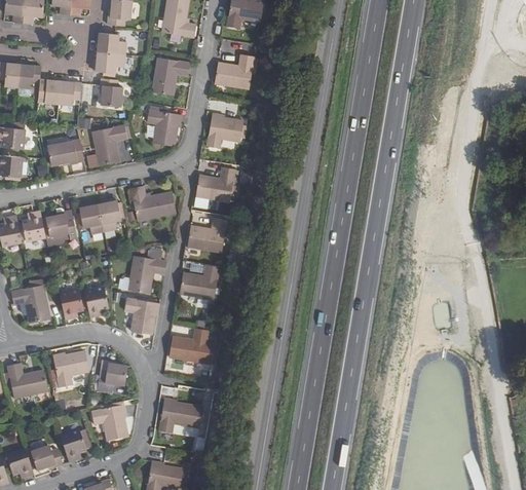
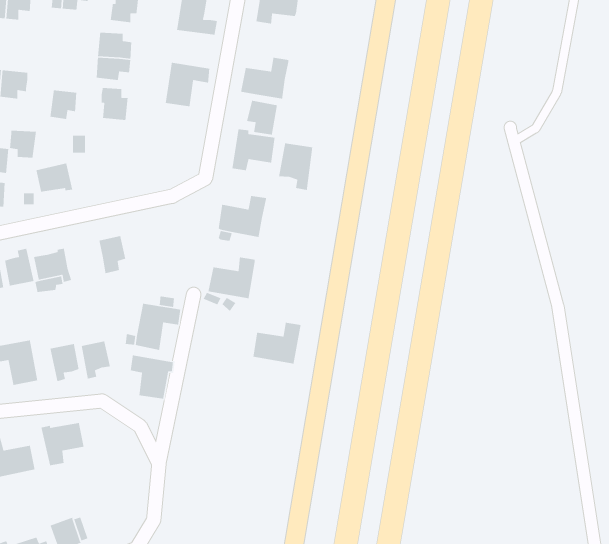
building: [39,79,62,103] -> [9,130,37,159]
building: none -> [246,100,278,136]
building: [147,109,182,145] -> none
building: none -> [278,143,313,191]
building: [92,124,127,164] -> none
building: [130,185,177,220] -> none
building: [79,203,104,233] -> none
building: [180,264,220,299] -> [253,322,302,365]
building: [170,327,210,363] -> none
building: [96,361,126,394] -> none
building: [157,399,202,435] -> none
building: [90,406,127,442] -> none

